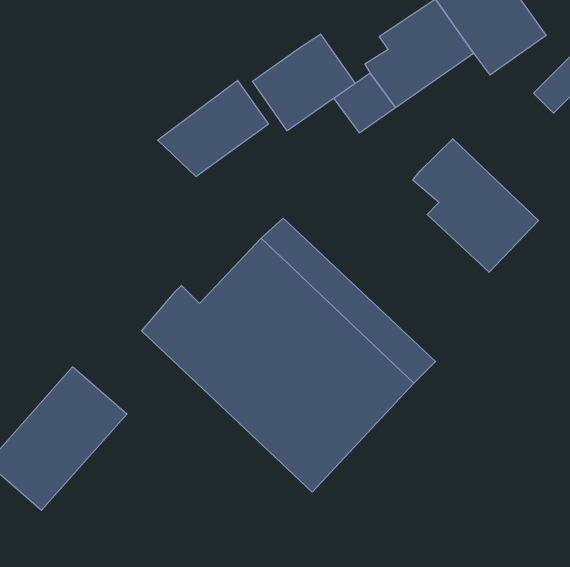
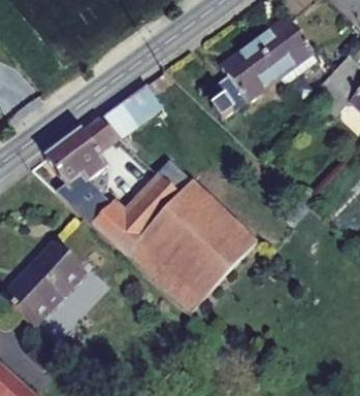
building: [252,34,355,131] -> none
building: [413,139,539,272] -> none
building: none -> [45,117,123,225]

